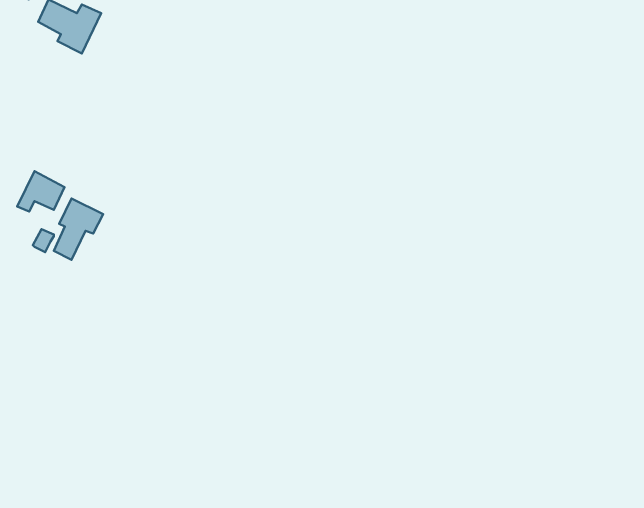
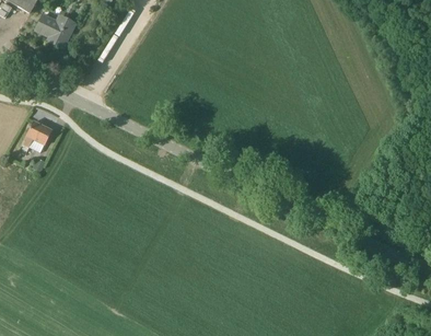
building: [54,198,103,260] -> none

